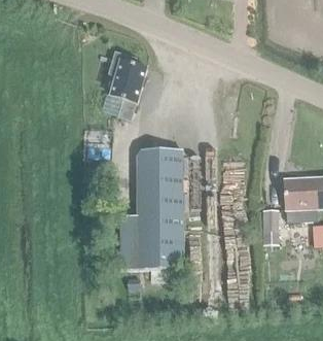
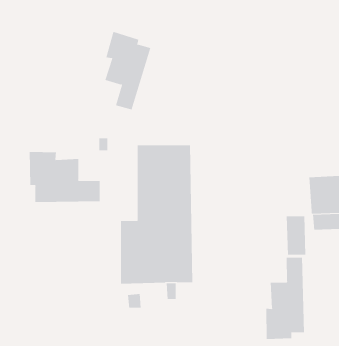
building: none -> [29,151,100,203]
building: none -> [266,257,305,340]

